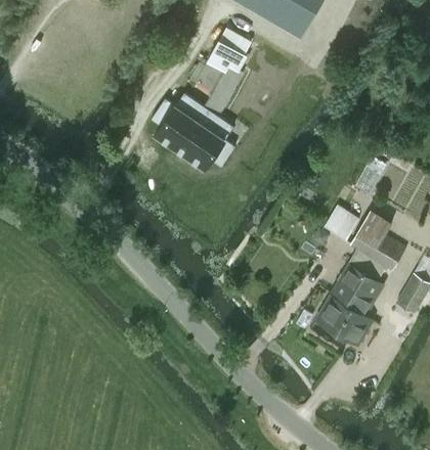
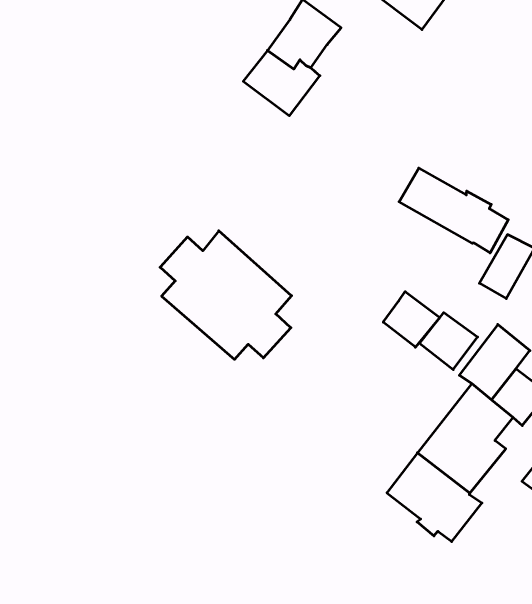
building: [150,93,234,170] -> [160,231,292,359]
building: none -> [399,168,508,253]
building: none -> [383,292,440,347]

